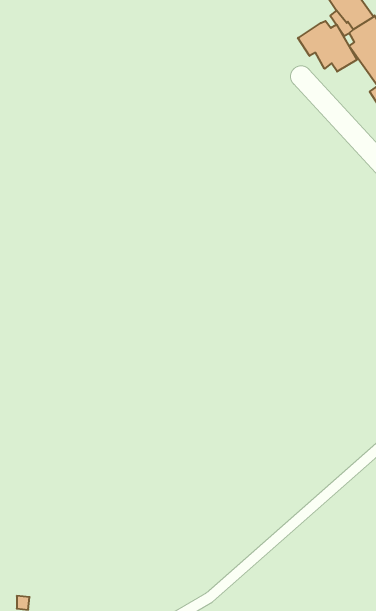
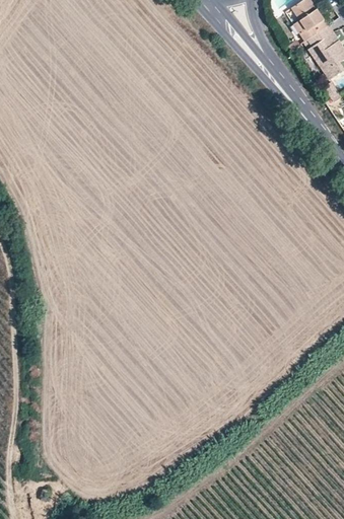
building: [298,21,357,72] -> none

